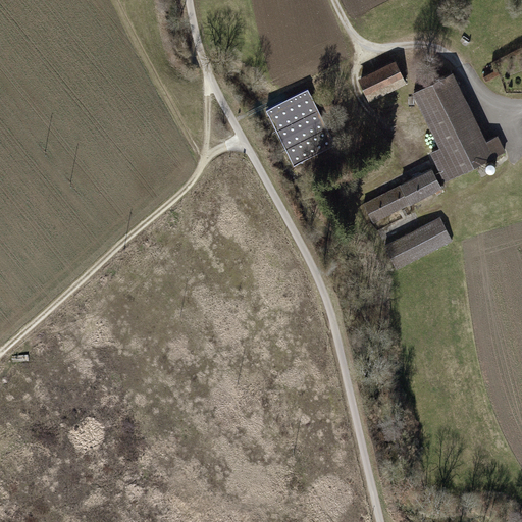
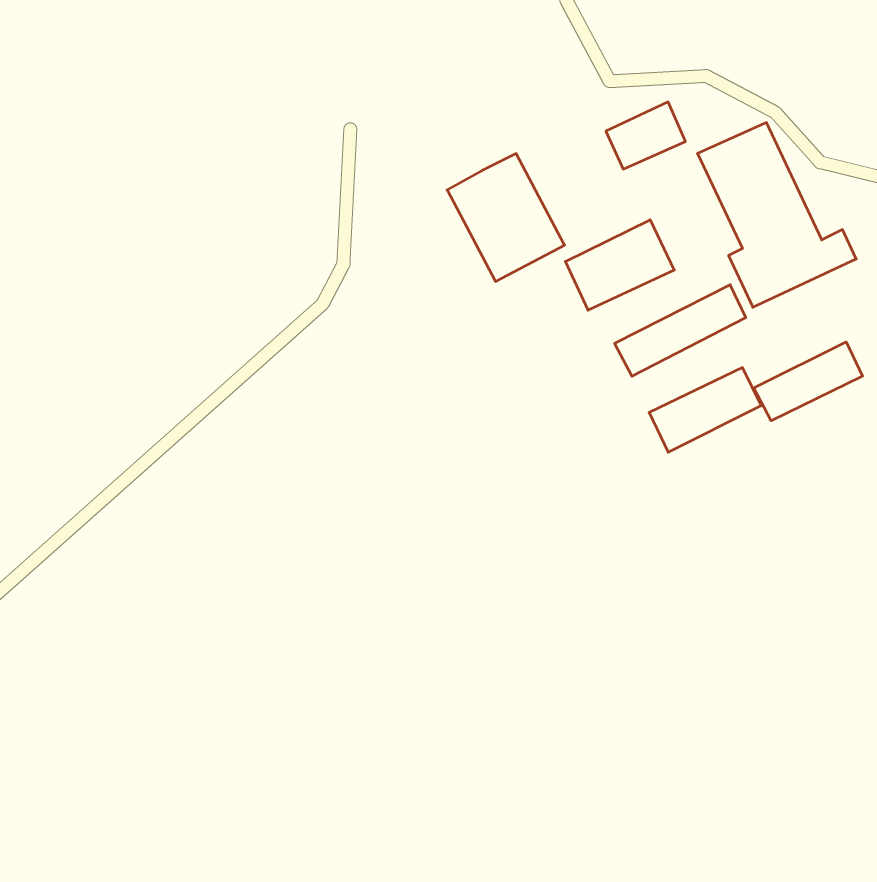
building: none -> [565,220,674,310]
building: none -> [754,342,863,421]

